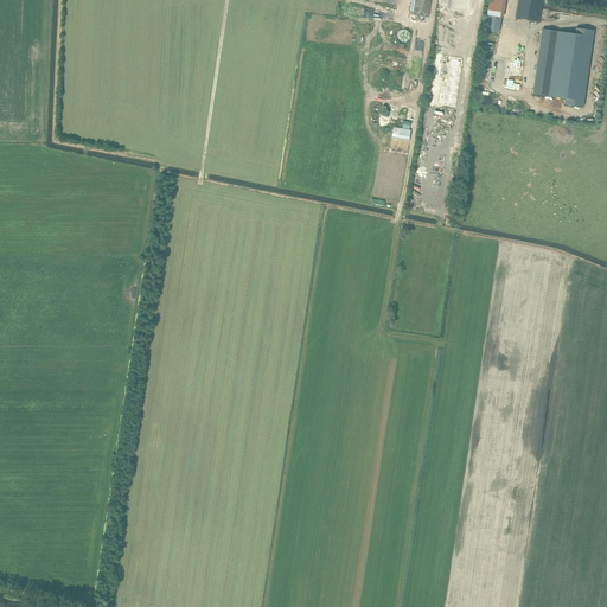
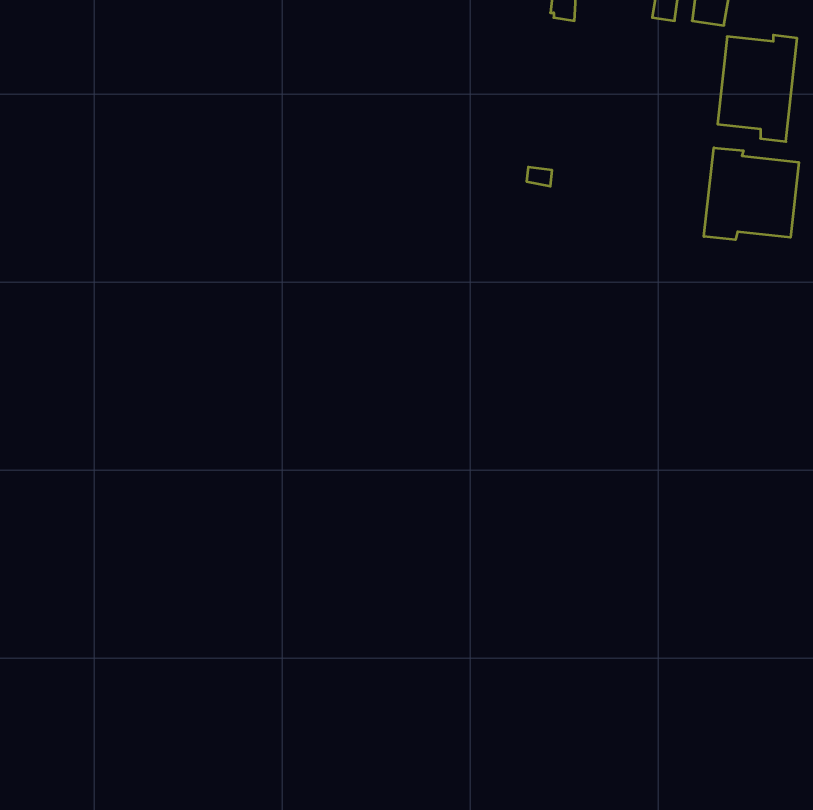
building: none -> [704,148,799,240]

